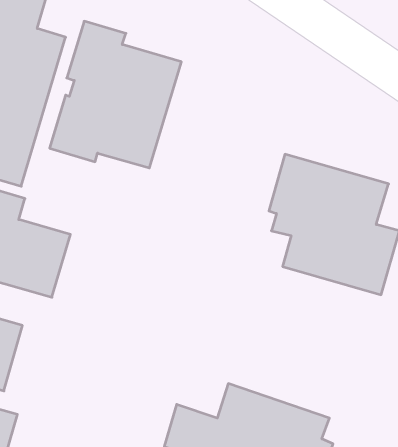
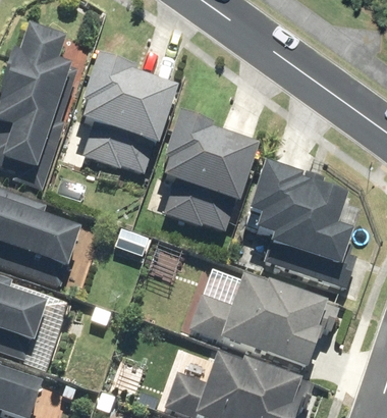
building: none -> [160,107,255,227]
building: none -> [186,266,332,367]

